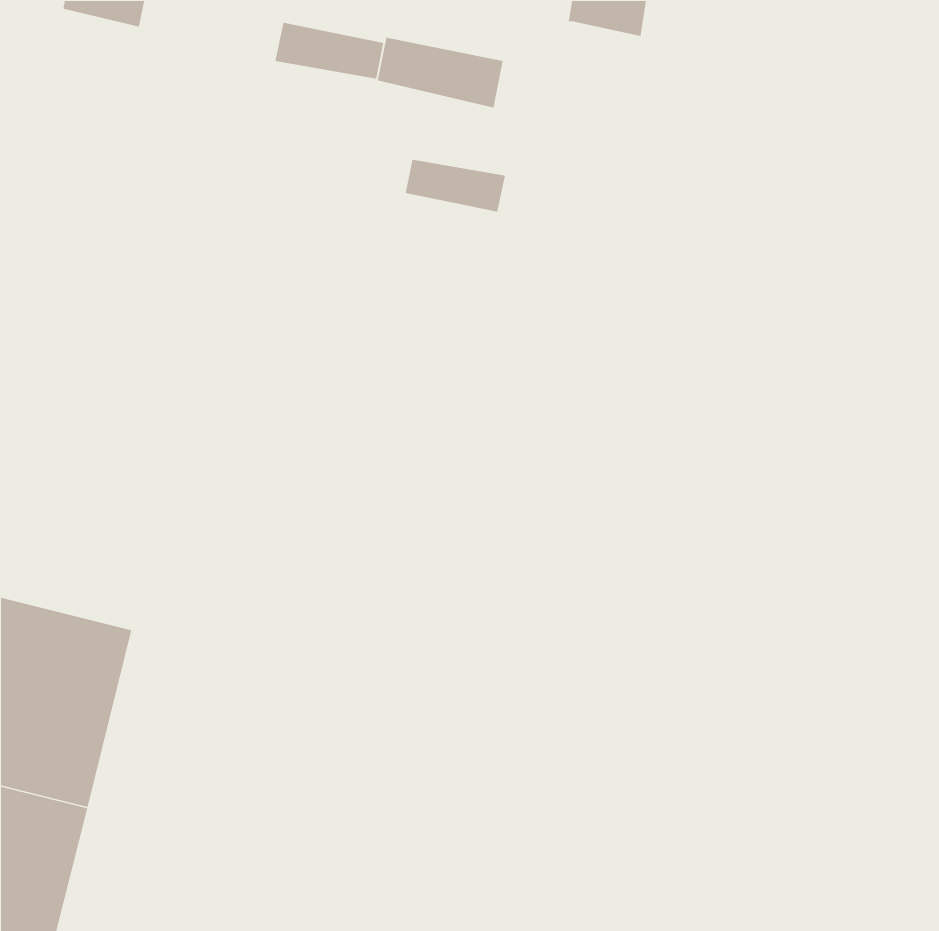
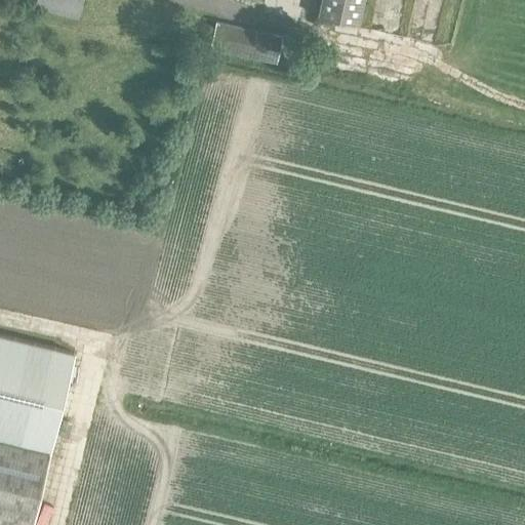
building: [274,22,384,79] -> none
building: [405,159,506,212] -> none

